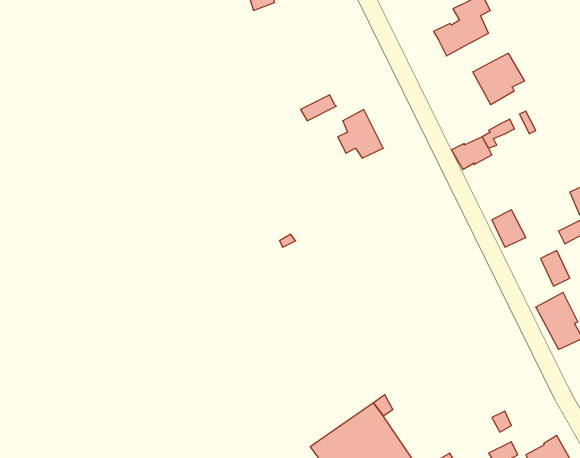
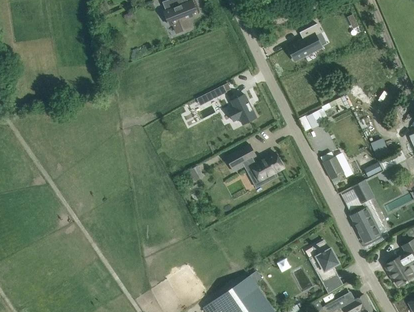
building: [473,53,524,105] -> none
building: none -> [226,144,283,181]
building: none -> [313,241,339,281]

